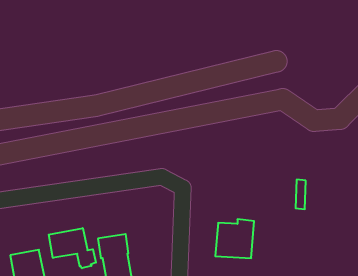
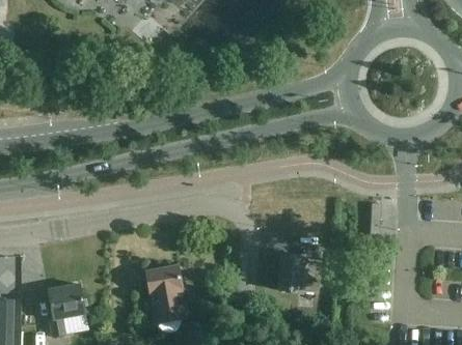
building: [49,228,96,268] -> none

